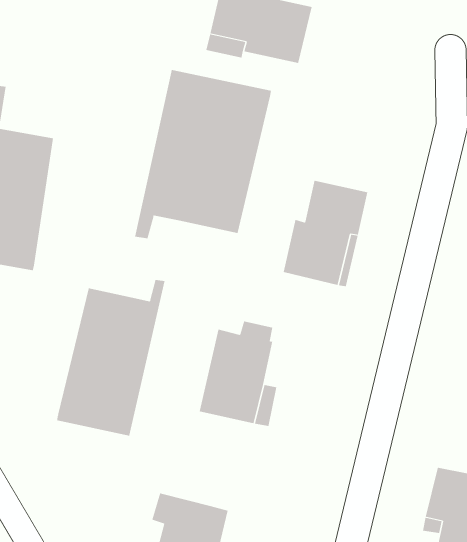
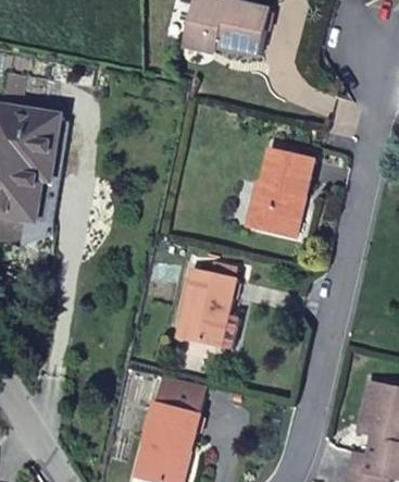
building: [134,69,271,239] -> none
building: [57,279,165,437] -> none
building: none -> [146,373,197,411]

